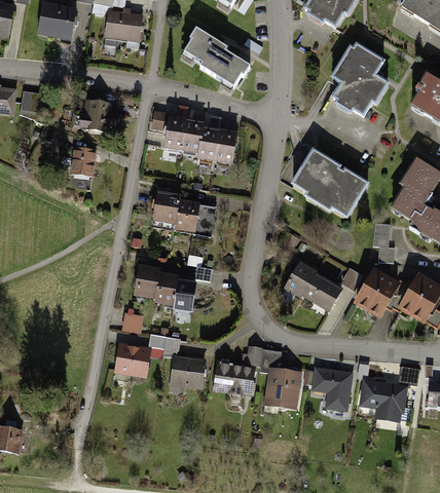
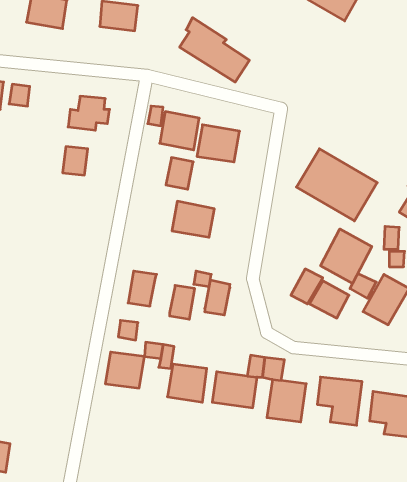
building: [330,44,387,117] -> none
building: [151,194,177,224] -> [166,158,193,189]
building: none -> [321,229,372,283]
building: [154,271,178,304] -> [205,280,230,315]

